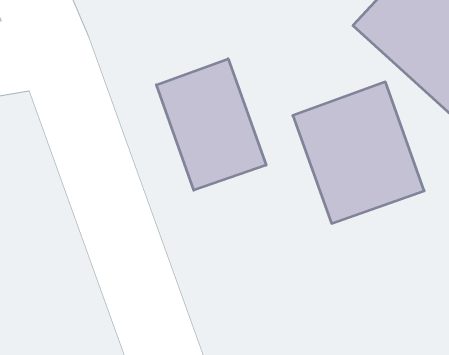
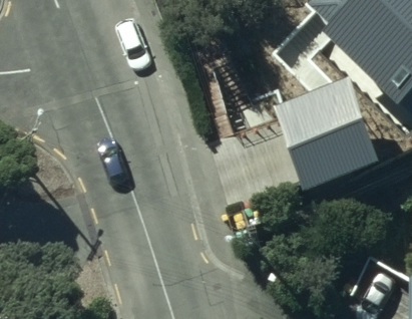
building: [156,59,266,190] -> none

